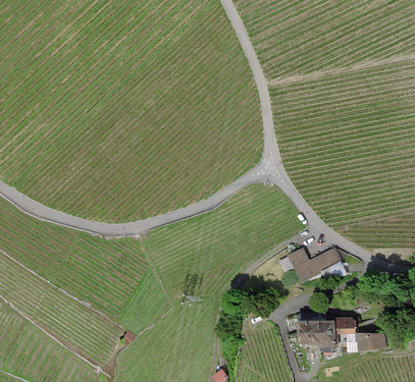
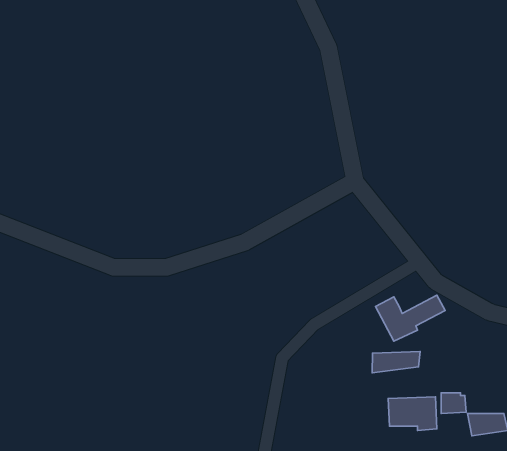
building: none -> [372,352,420,373]

